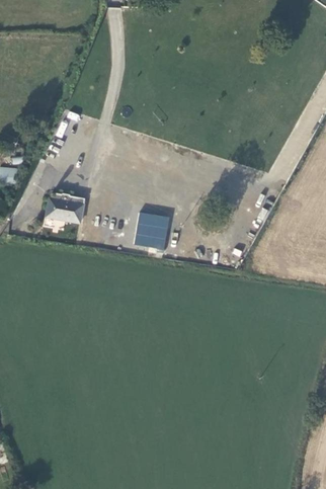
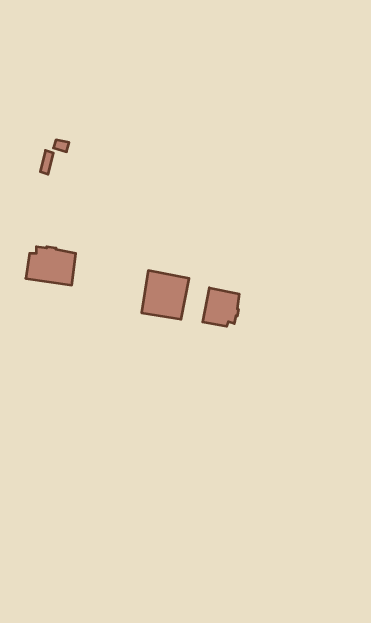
building: none -> [203,288,239,326]

